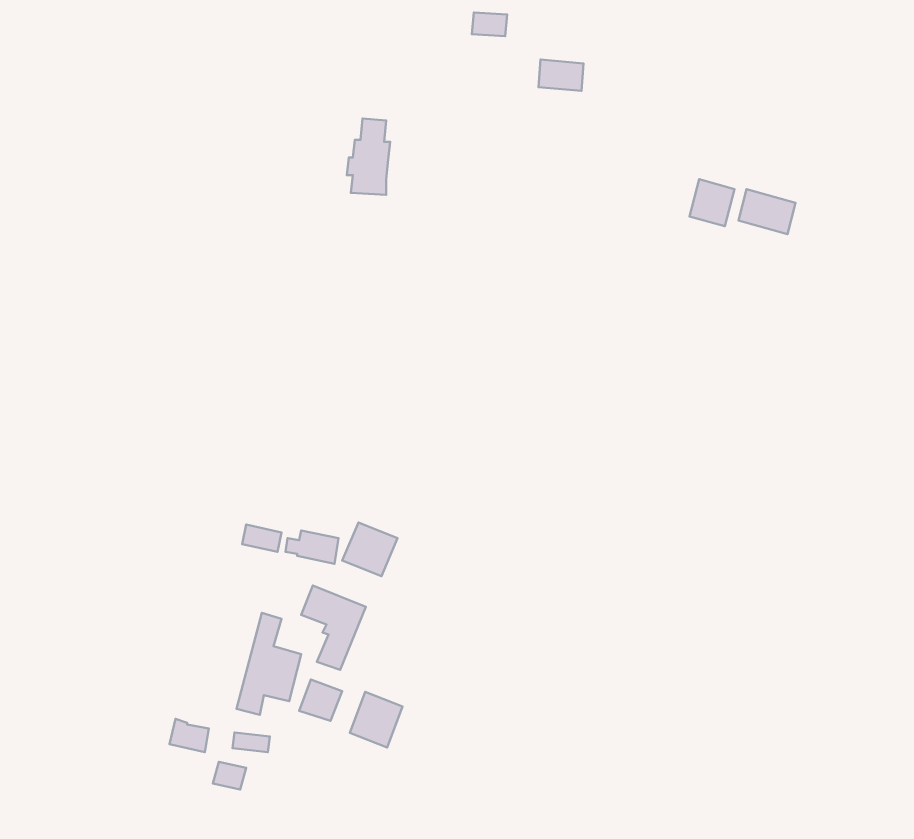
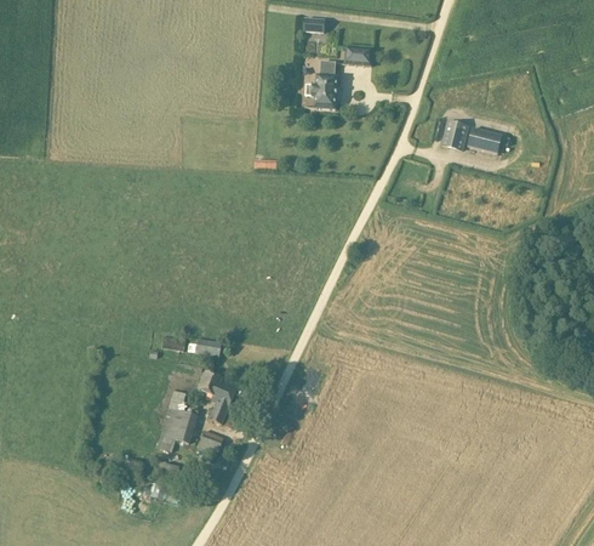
building: [347,118,390,195] -> [310,61,337,108]
building: [342,522,398,576] -> none
building: [350,692,402,747] -> none

